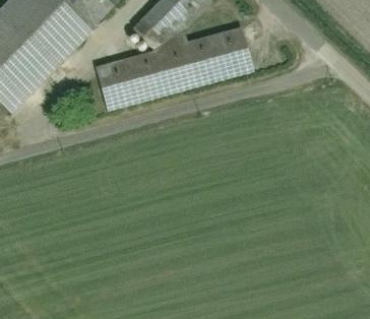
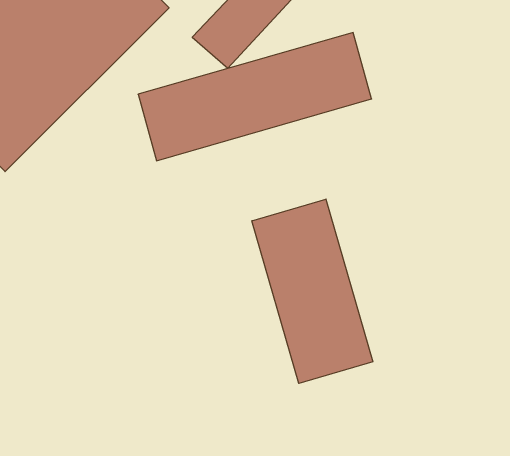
building: none -> [252,199,373,383]

